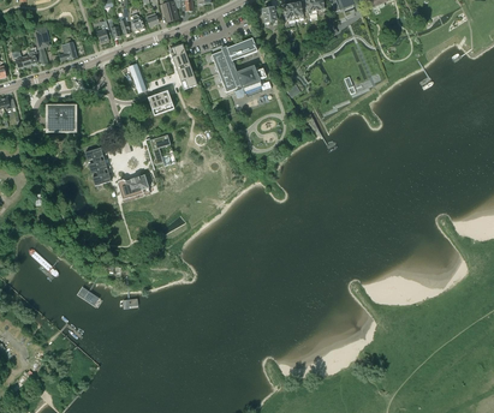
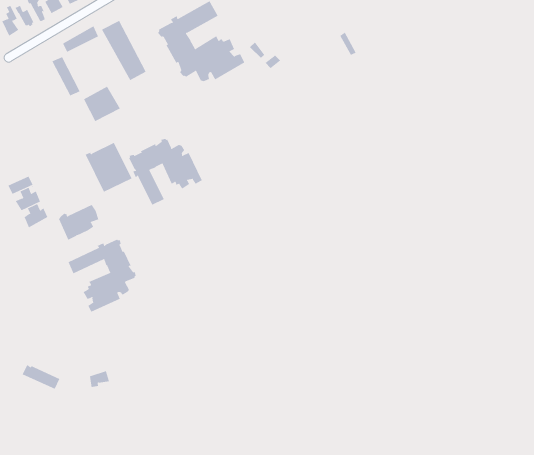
building: none -> [129,138,203,205]
building: none -> [68,239,136,312]

